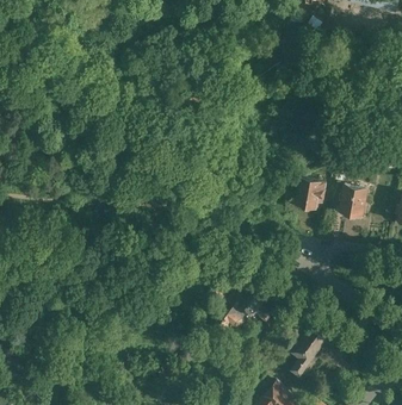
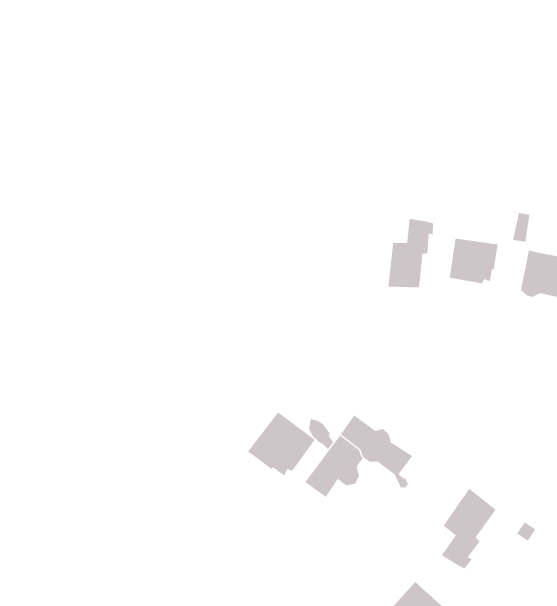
building: none -> [388,218,434,288]
building: none -> [247,411,315,476]

